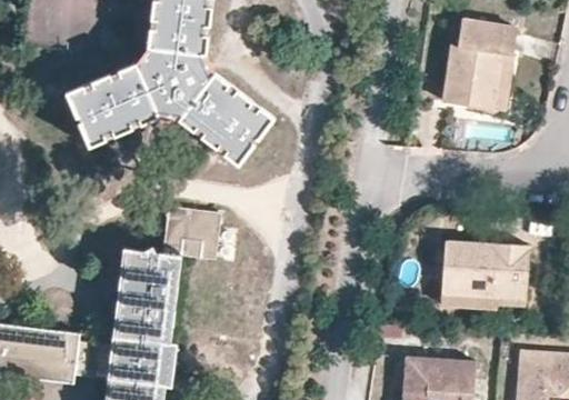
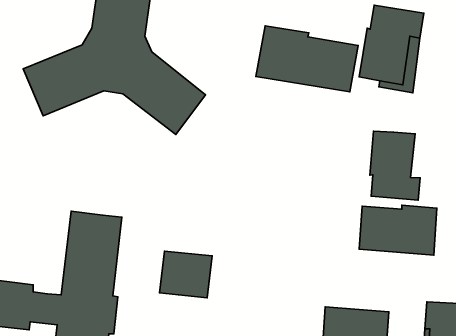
building: none -> [256,26,358,92]
building: none -> [370,131,420,200]
building: [158,207,217,259] -> [159,251,212,298]

